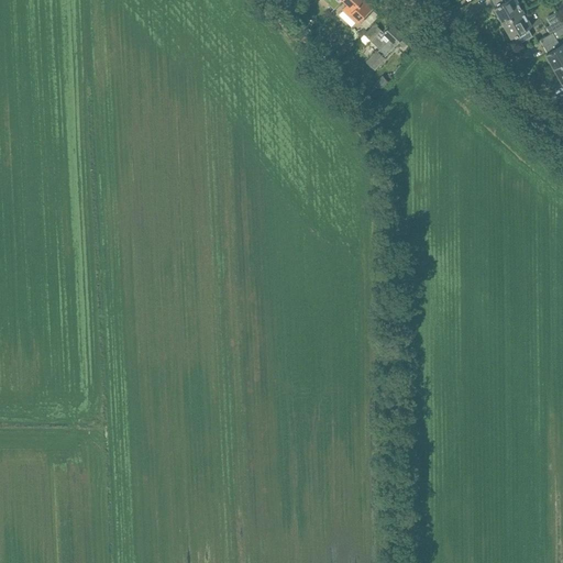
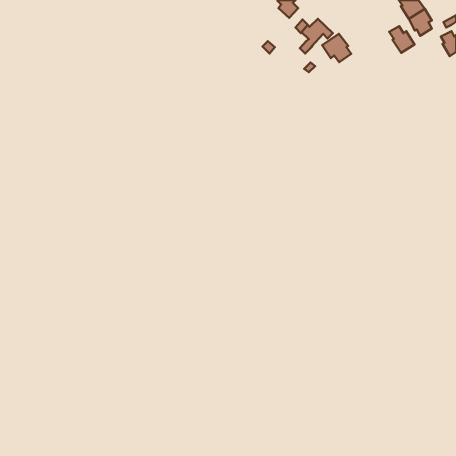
building: none -> [389,26,414,53]
building: none -> [322,34,351,62]

